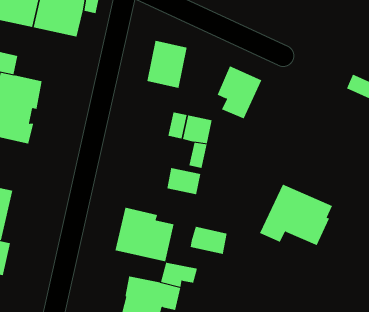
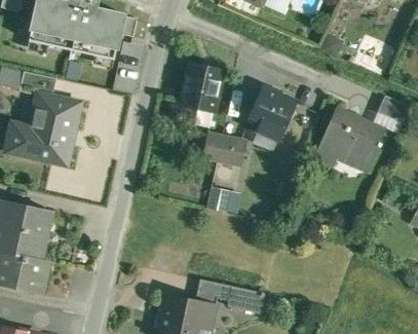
building: [259,184,333,246] -> [312,109,384,170]
building: [115,207,174,262] -> none
building: [190,226,228,255] -> [227,286,264,313]

